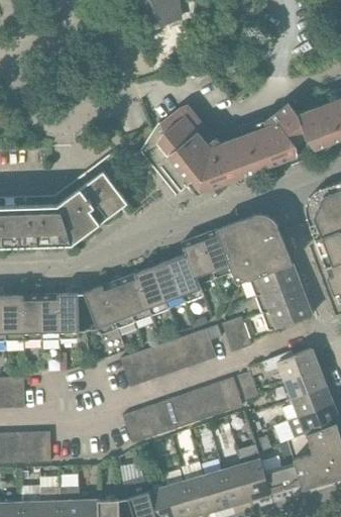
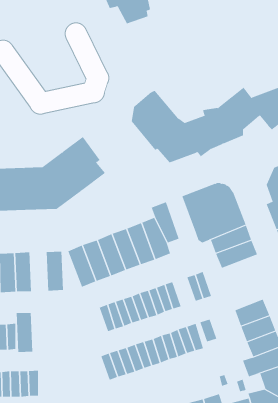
building: [199,229,232,279] -> none
building: [40,294,61,340] -> [16,313,33,353]
building: [262,297,312,331] -> none

